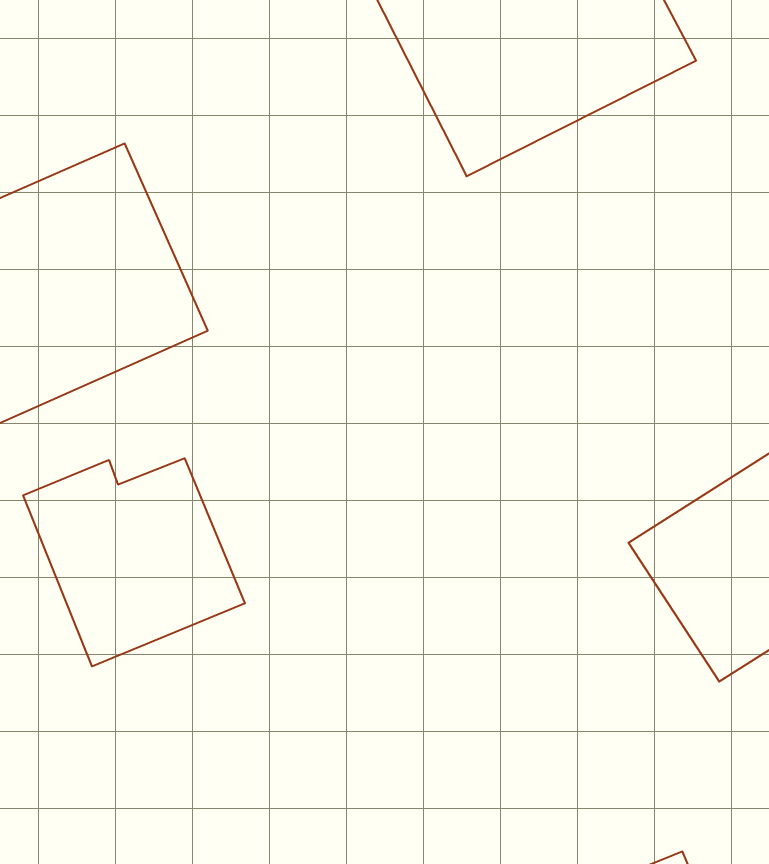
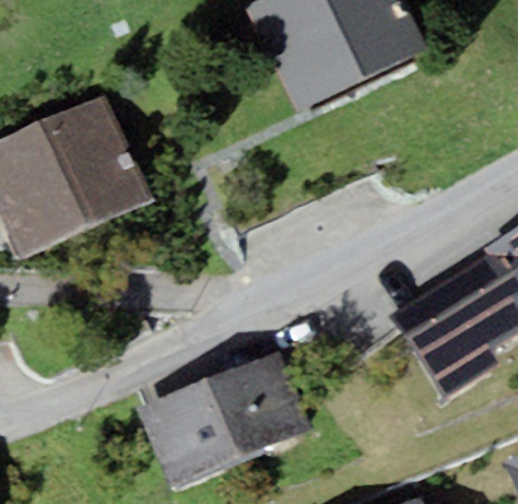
building: [23,458,245,666] -> none
building: none -> [139,349,315,485]

